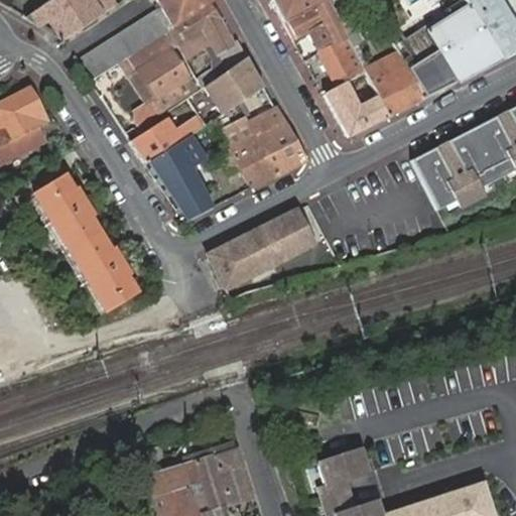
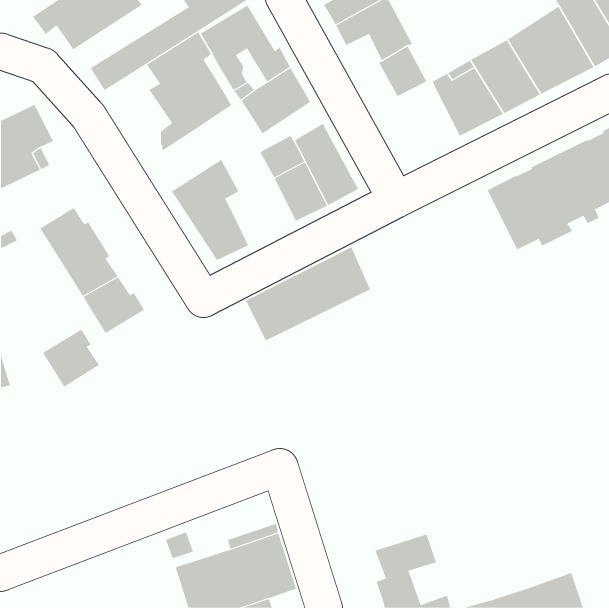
building: [325,72,389,136] -> none
building: [132,96,203,161] -> none
building: [91,261,139,310] -> [42,329,100,387]

